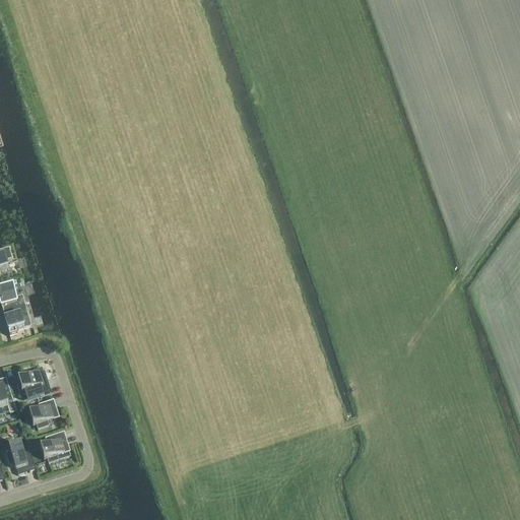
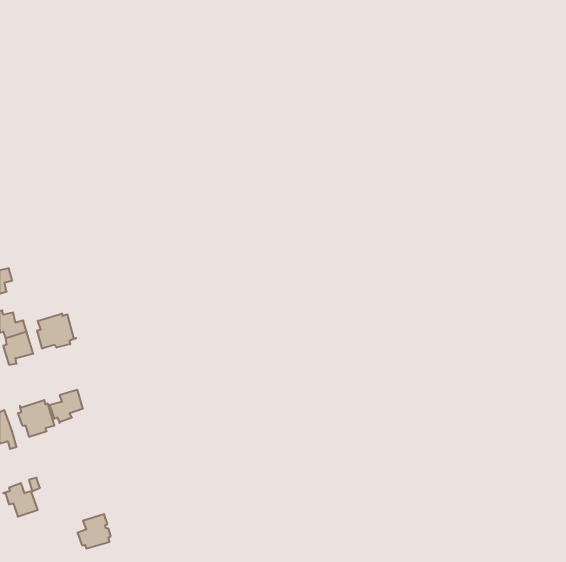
building: none -> [37,313,76,349]
building: [27,398,58,429] -> [50,390,83,423]
building: [39,430,69,461] -> [77,514,111,548]

